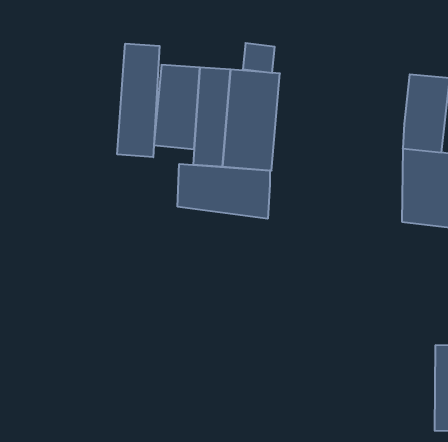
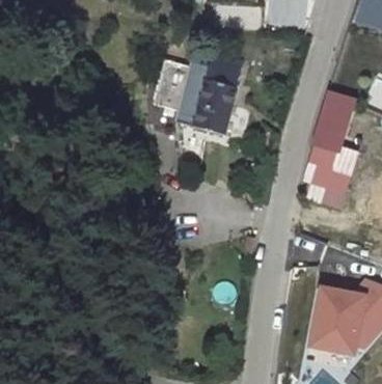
building: [117,44,160,157] -> none
building: [178,164,270,219] -> none

